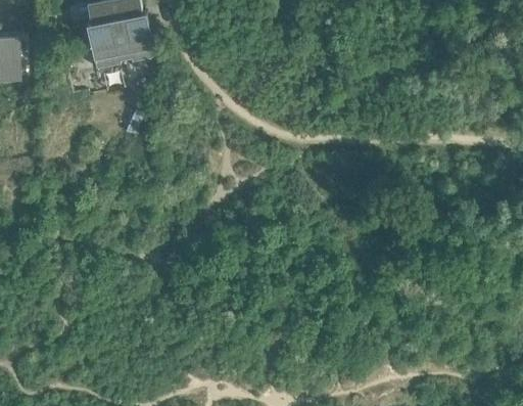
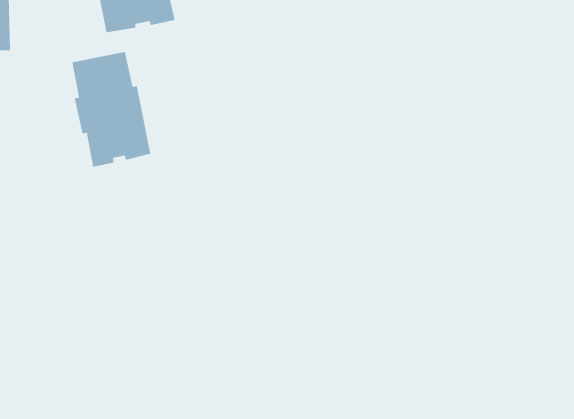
building: none -> [72,51,151,167]

